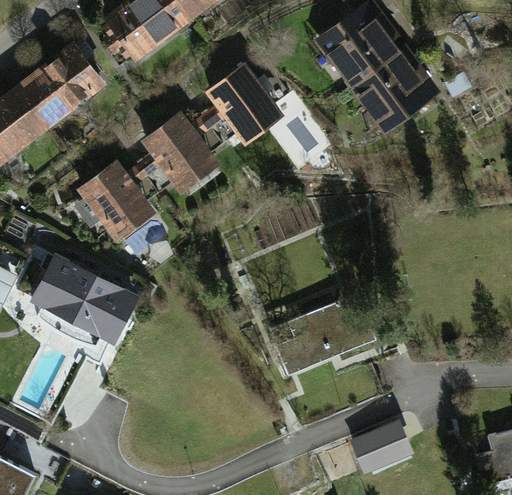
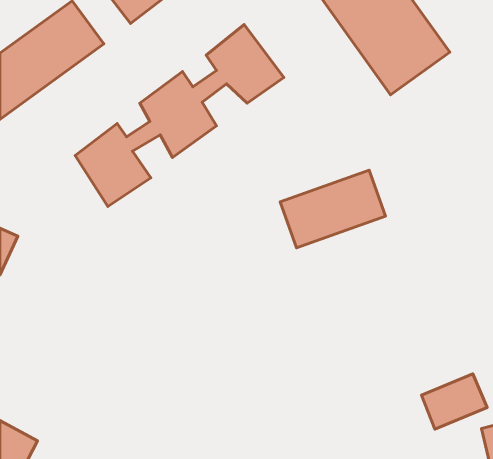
building: [13,248,137,347] -> none
building: [272,298,375,374] -> [280,170,386,248]
building: [348,423,412,477] -> [422,374,487,429]

